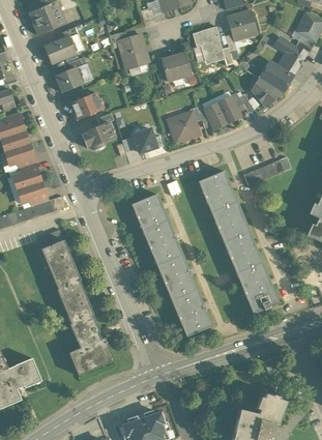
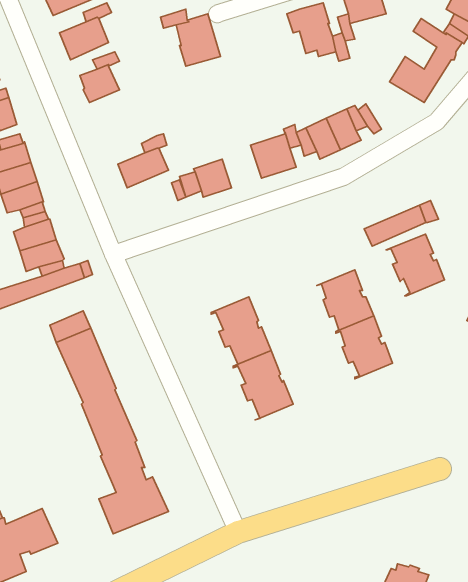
building: [160,53,191,82] -> none
building: [251,79,282,106] -> none
building: [69,92,101,120] -> none
building: [198,172,236,212] -> [386,234,444,296]
building: [131,195,167,230] -> none
building: [236,263,277,313] -> none
building: [171,290,211,335] -> none

